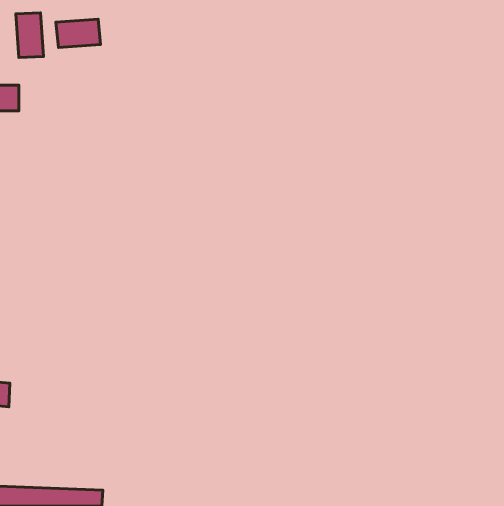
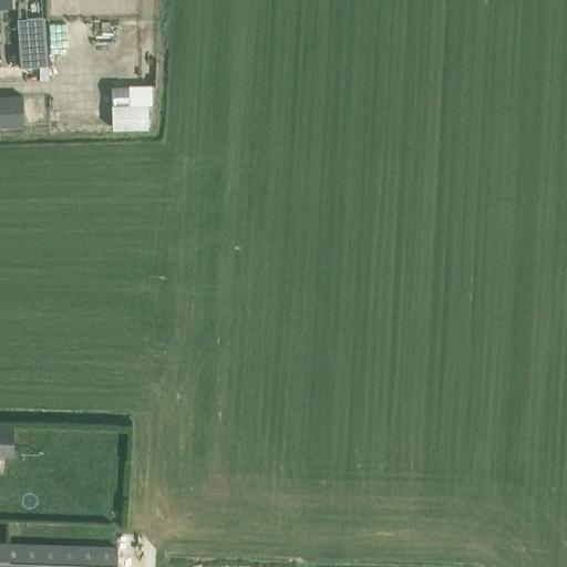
building: [56,19,101,47] -> none
building: none -> [113,99,151,127]

